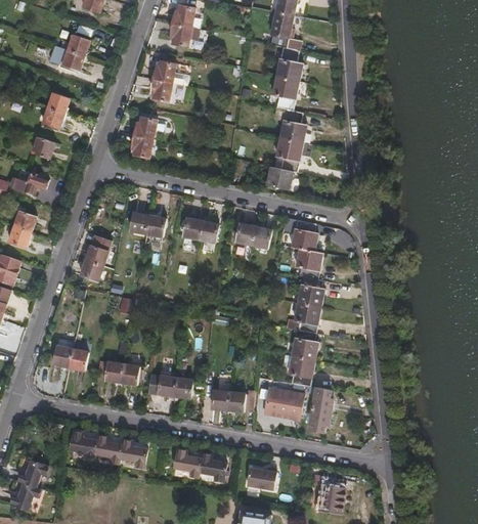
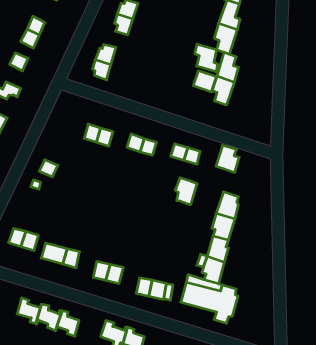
building: none -> [195,44,217,72]
building: [267,167,294,190] -> [193,71,217,92]
building: [86,235,111,266] -> none
building: [296,249,321,279] -> [175,178,197,205]

